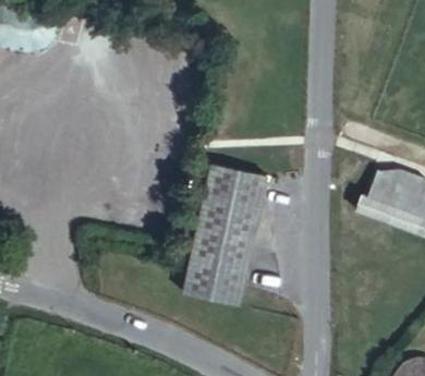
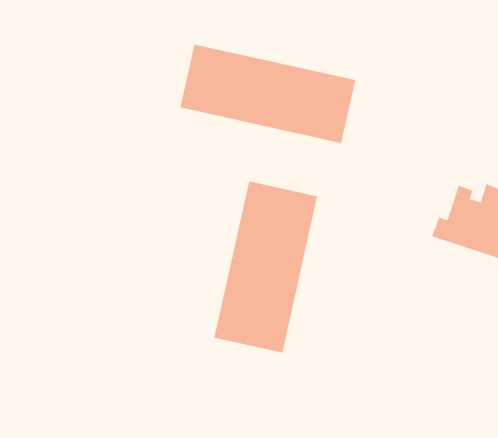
building: none -> [180,44,356,144]

